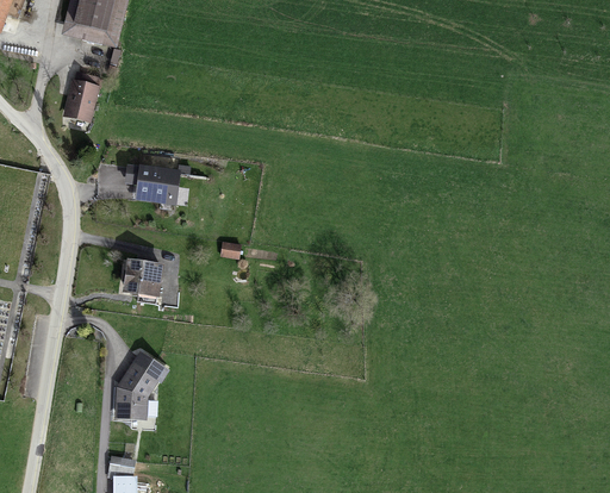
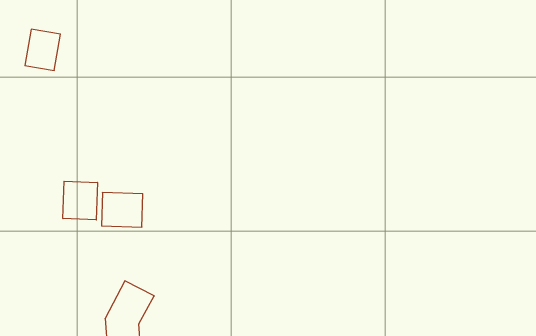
building: [136,166,186,205] -> none
building: none -> [63,181,97,220]

